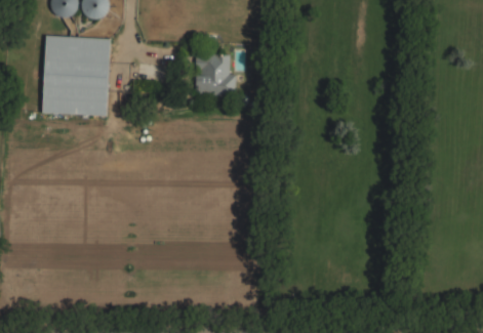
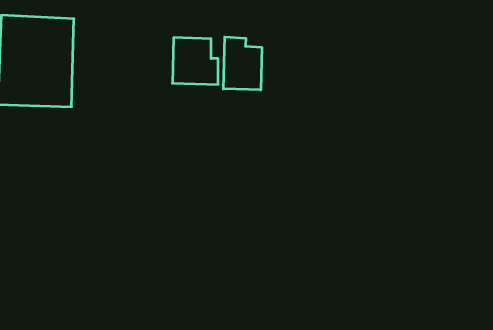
building: none -> [223,37,262,90]

